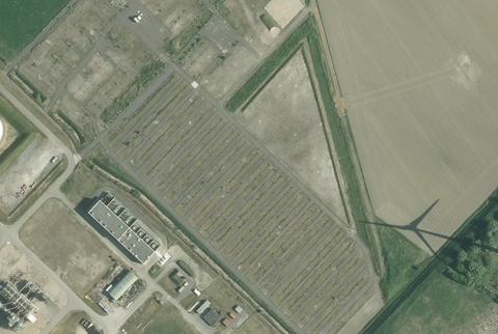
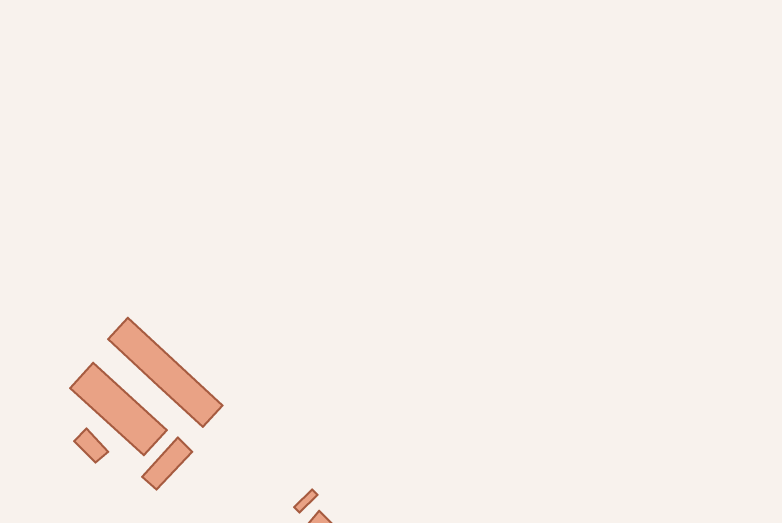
building: none -> [70,363,167,455]

